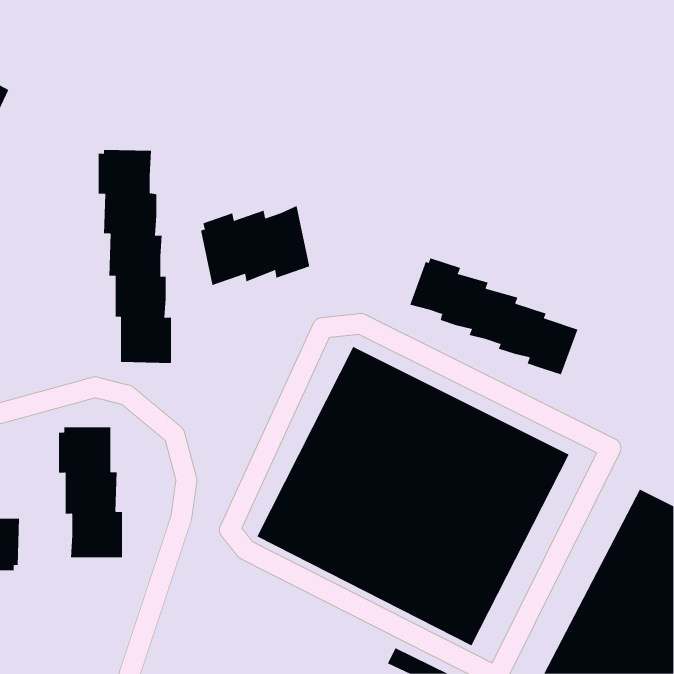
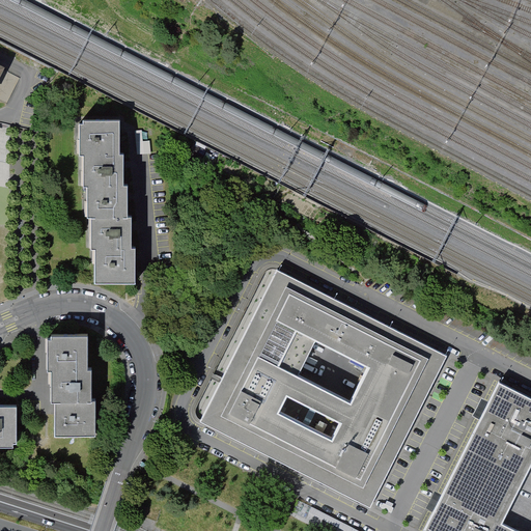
building: [200,205,310,286] -> none
building: [410,258,578,375] -> none

